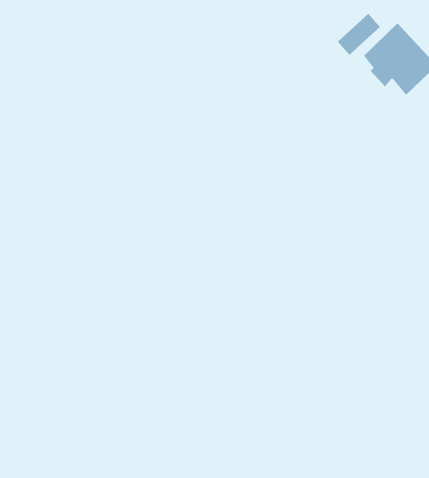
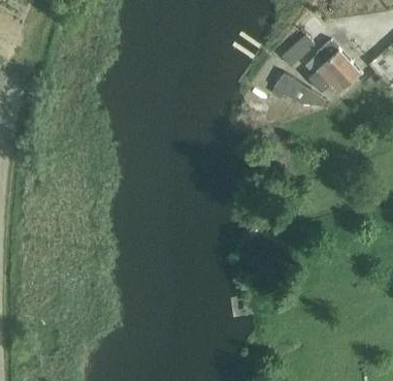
building: none -> [271,71,327,105]

